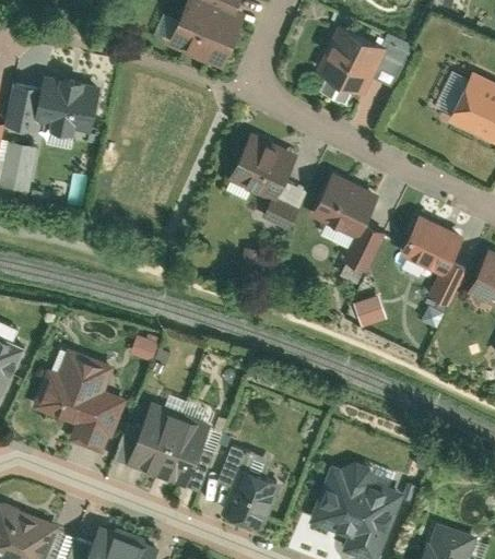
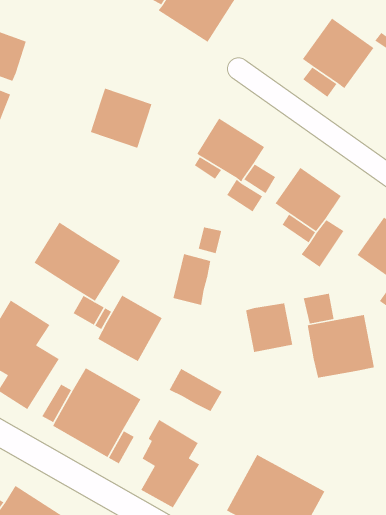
building: [42,81,98,135] -> [90,88,153,149]
building: none -> [33,222,121,302]
building: none -> [172,253,211,306]
building: none -> [307,314,375,379]
building: none -> [245,302,293,353]
building: none -> [97,295,163,362]
building: none -> [168,368,223,412]

